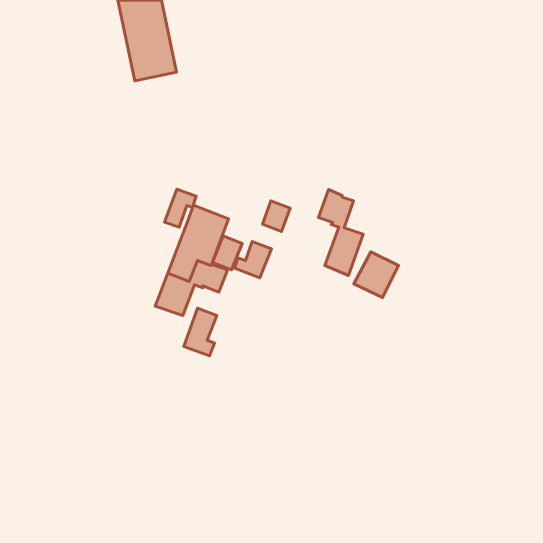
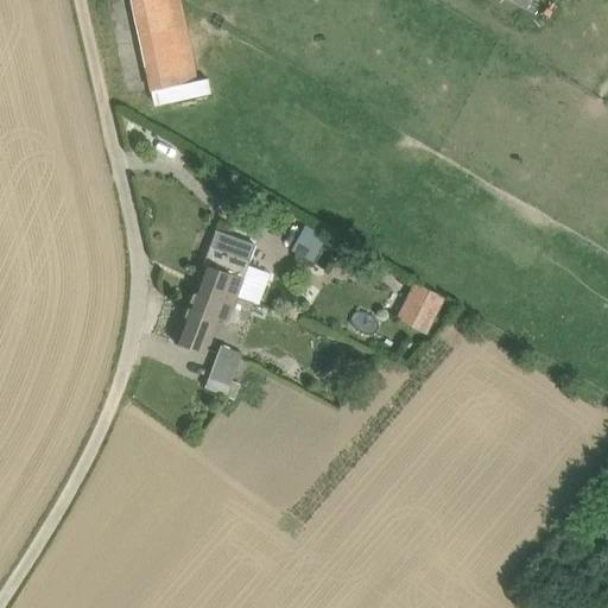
building: [165,189,196,227] -> none
building: [318,190,363,275] -> none
building: [234,242,271,278] -> none

